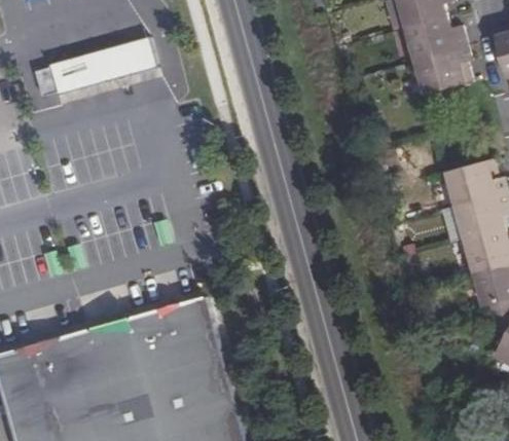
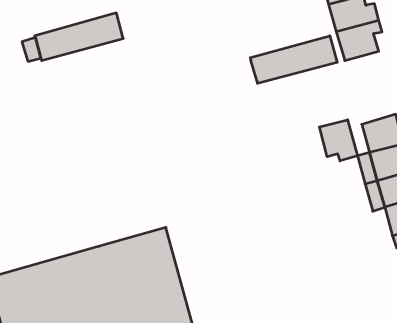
building: none -> [250,36,337,83]
building: none -> [319,120,357,161]

